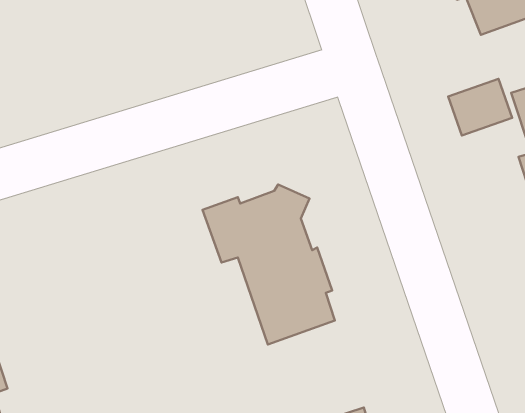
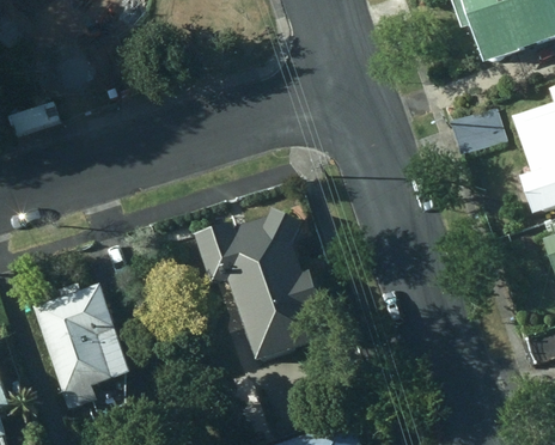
building: none -> [36,280,135,410]

